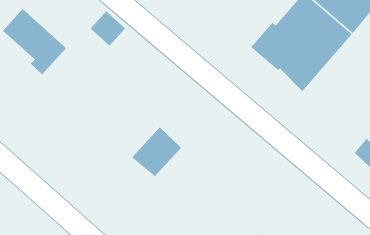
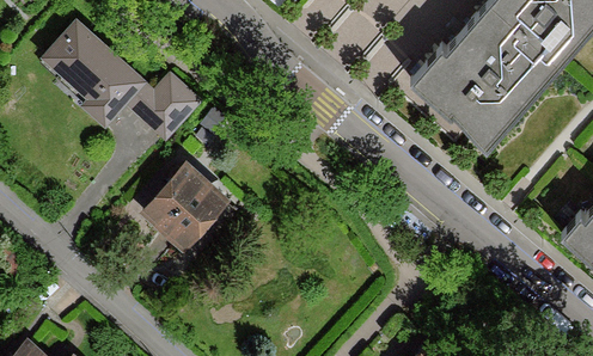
building: [90,11,126,46] -> [146,74,198,127]
building: [131,127,182,177] -> [146,168,220,243]

